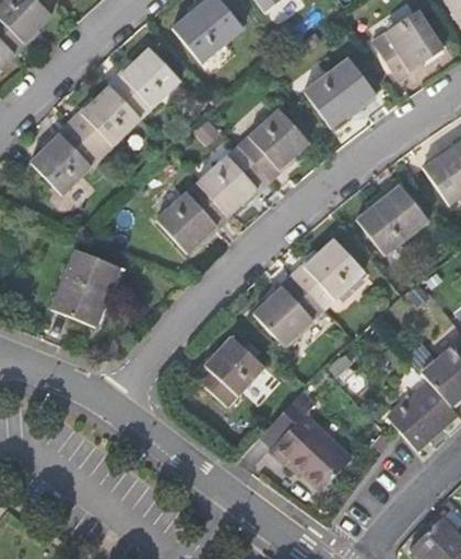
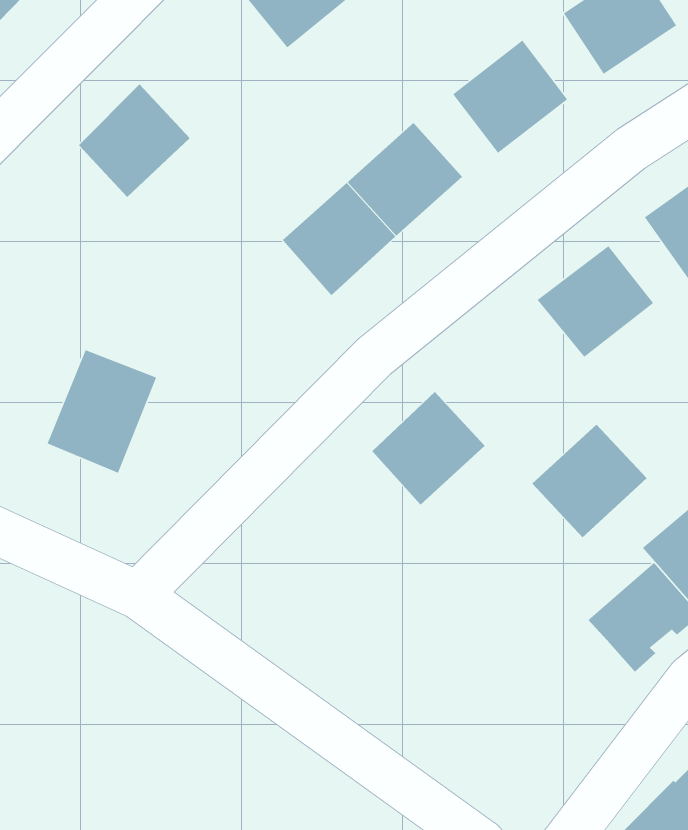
building: [109,47,180,118] -> none
building: [31,122,102,193] -> none
building: [156,181,228,252] -> none
building: [293,238,365,309] -> [532,424,648,538]
building: [194,335,265,407] -> none
building: [261,392,352,490] -> none

